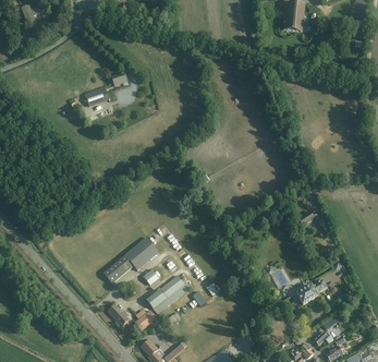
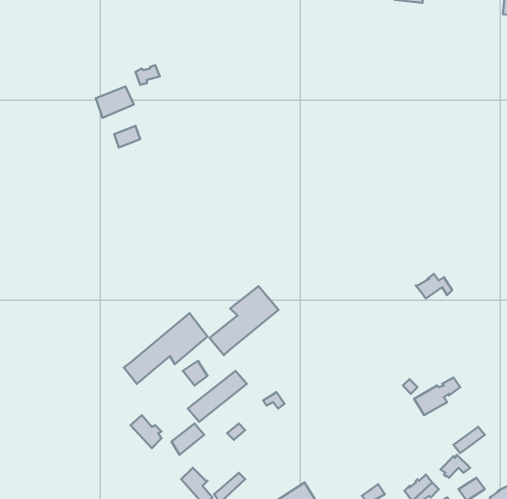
building: none -> [209,286,279,355]

